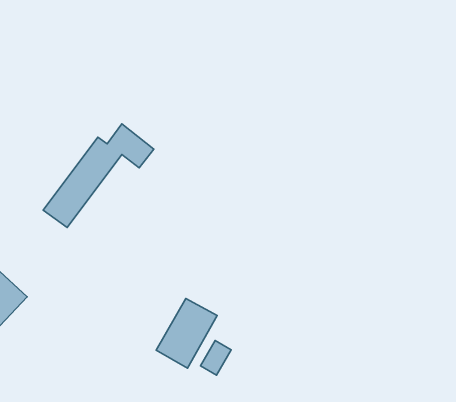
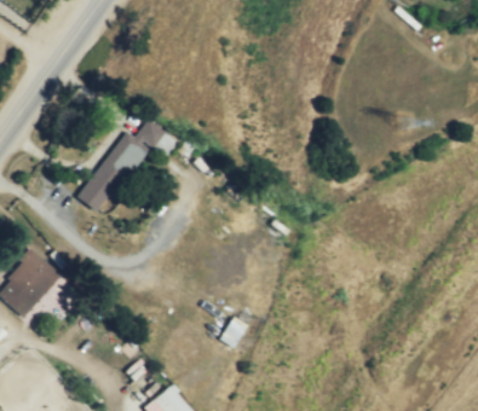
building: [156,299,217,368] -> none

